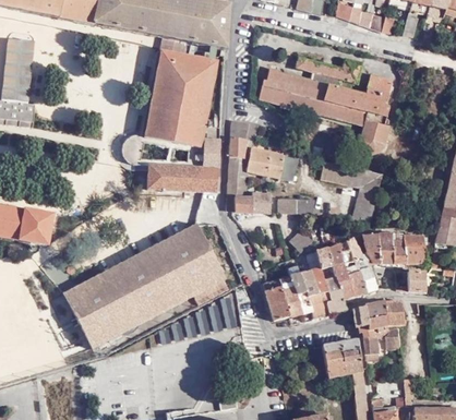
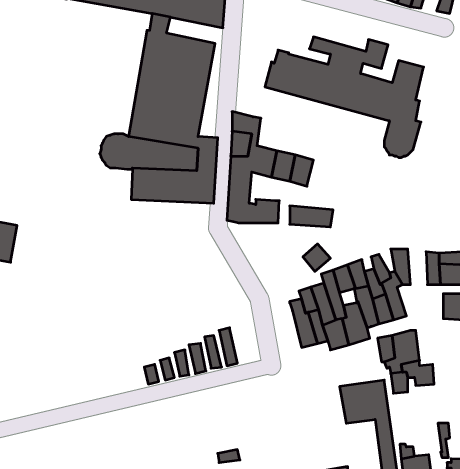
building: [322,160,383,227] -> none
building: [63,225,229,349] -> none
building: [377,231,394,262] -> none
building: [265,284,289,317] -> none
building: [384,299,411,325] -> none

